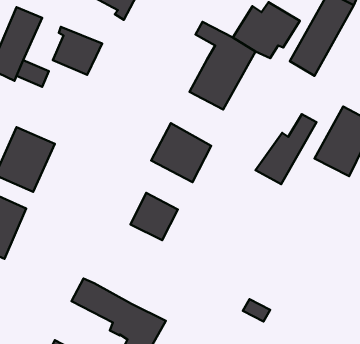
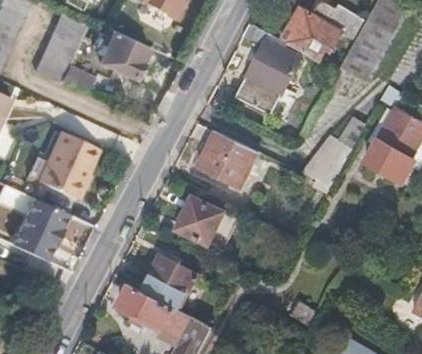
building: none -> [139,256,196,311]

